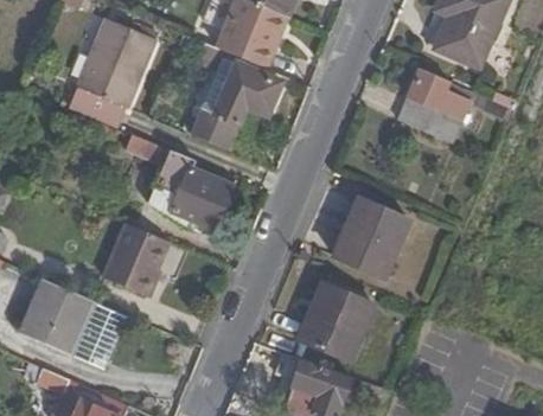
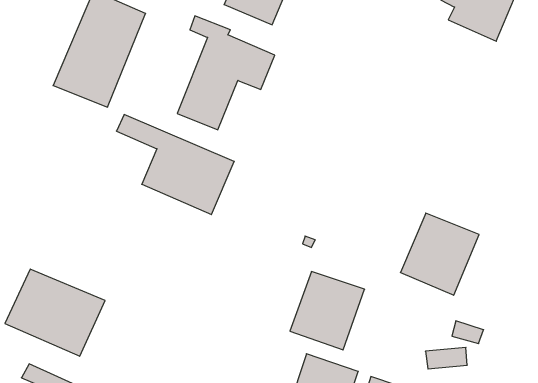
building: [400,71,507,143] -> none
building: [336,198,409,275] -> [400,213,479,295]
building: [103,225,166,296] -> none

